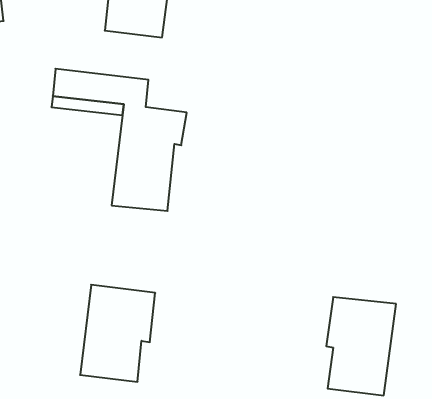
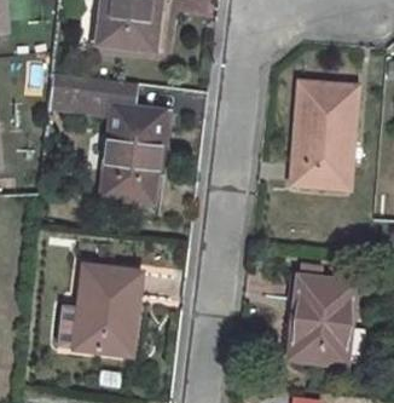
building: none -> [290,84,357,189]

